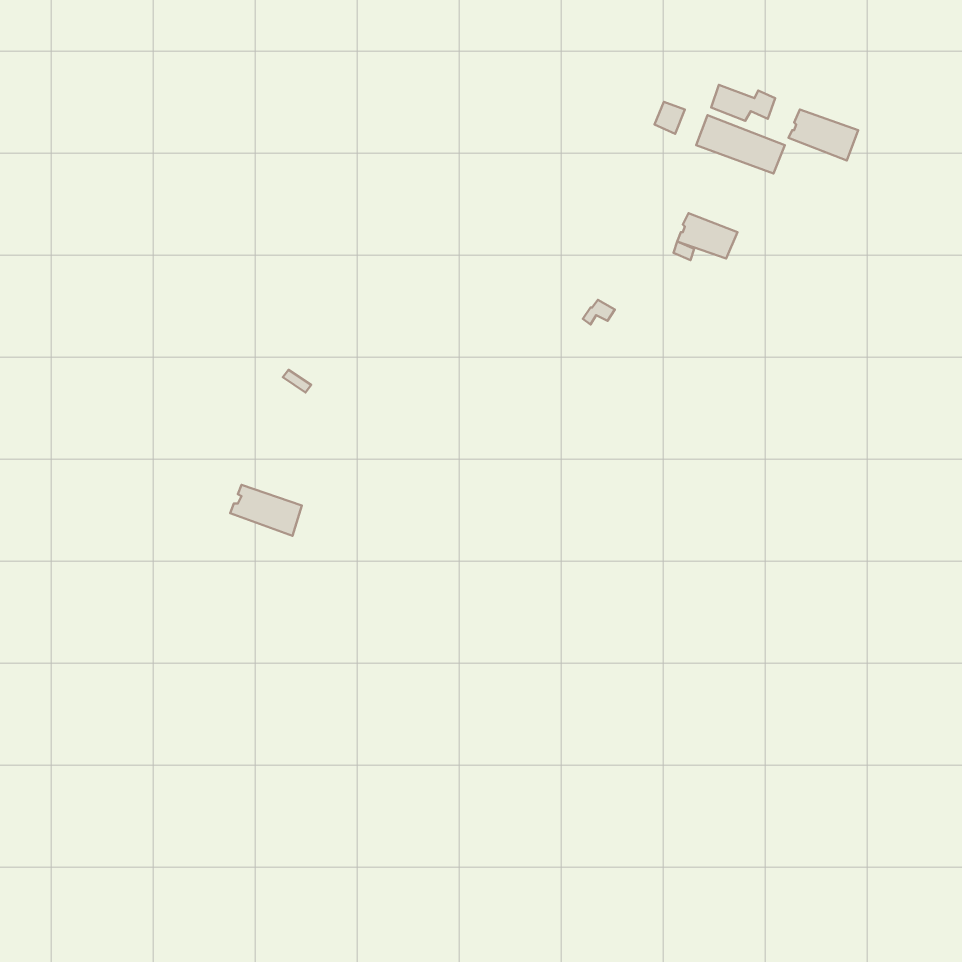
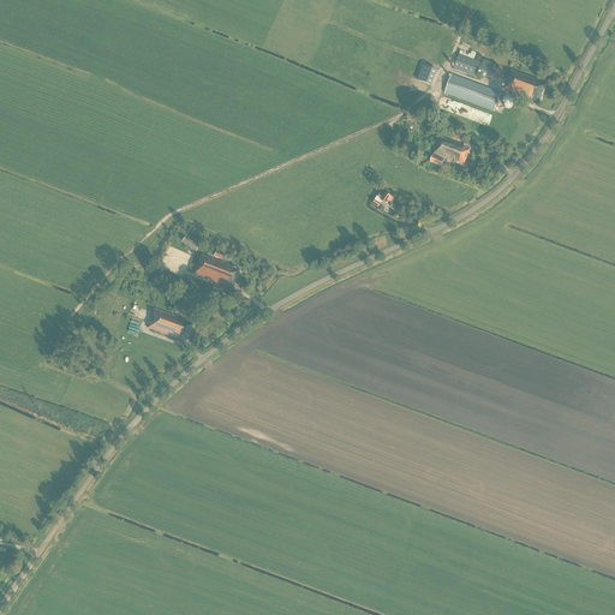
building: none -> [193,253,239,287]

